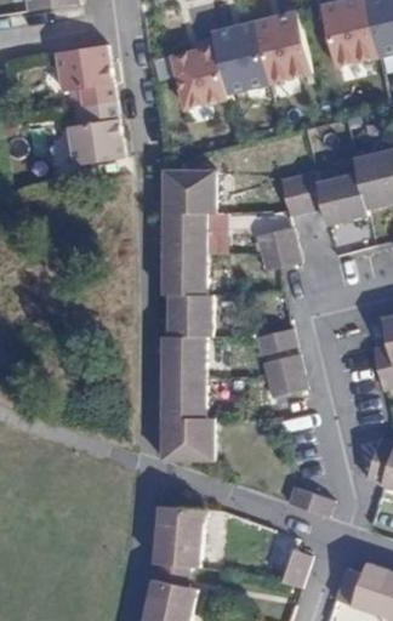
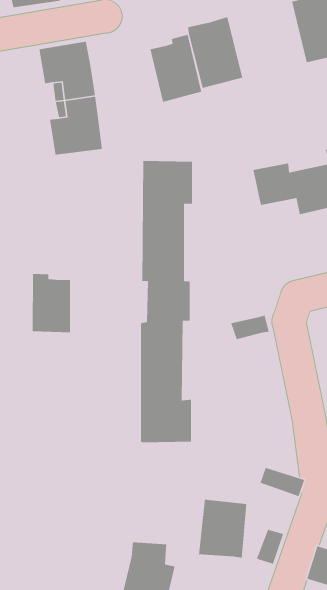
building: [252,10,311,84] -> none
building: [252,228,297,273] -> none
building: none -> [32,273,71,333]
building: [262,354,306,399] -> none
building: [153,506,204,568] -> [198,499,247,558]

